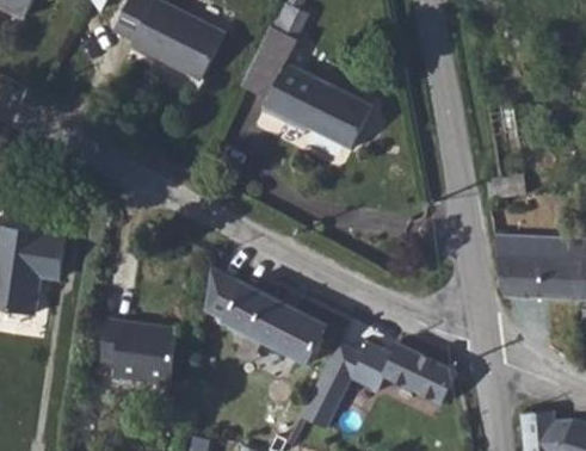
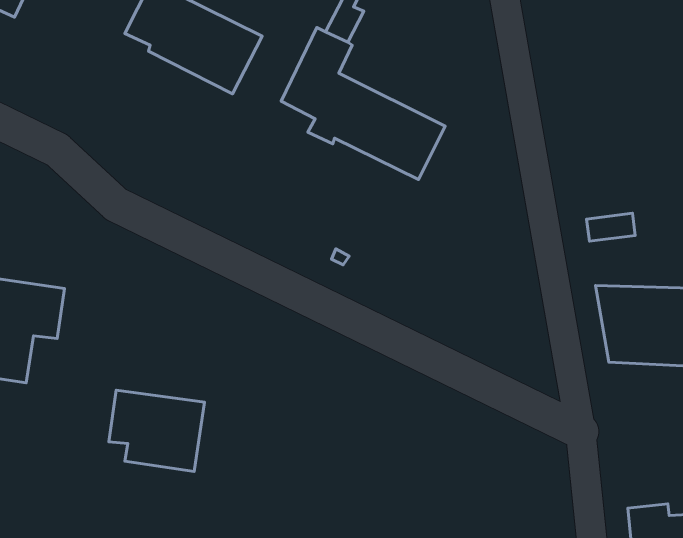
building: [204,267,327,364] -> none
building: [300,342,457,430] -> none

